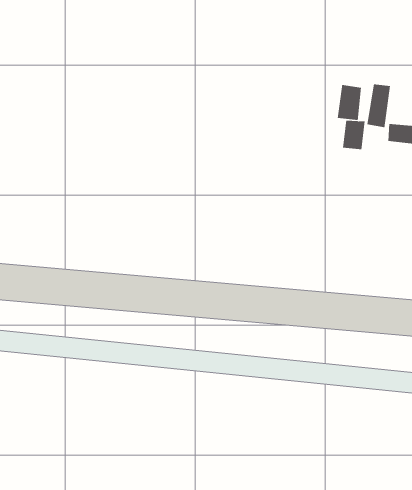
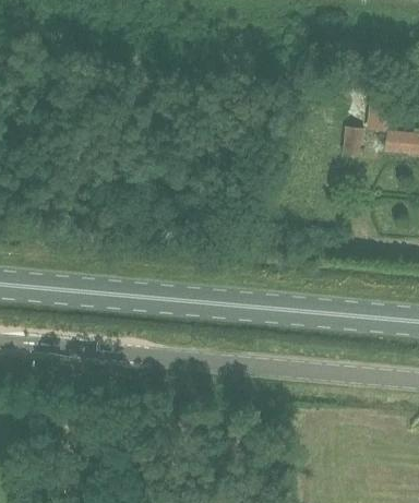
building: [337,84,361,121] -> none

